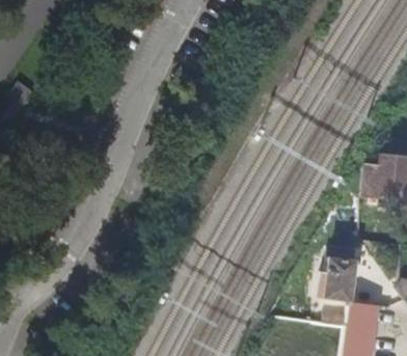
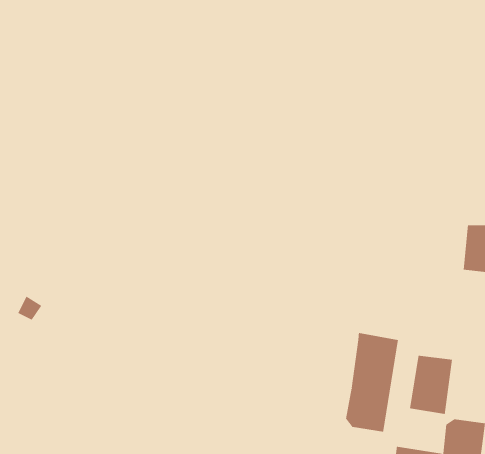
building: none -> [345,332,398,432]

